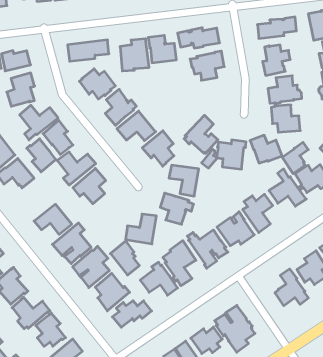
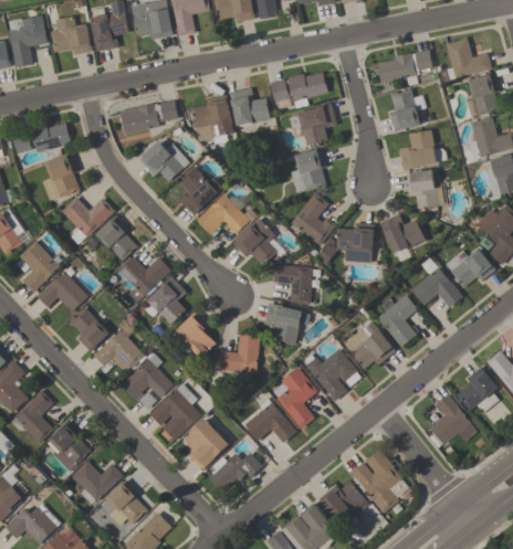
building: none -> [290,148,326,192]
building: [27,139,56,172] -> [67,306,108,351]
building: [282,142,308,174] -> none
building: [110,241,139,275] -> [175,312,216,358]

